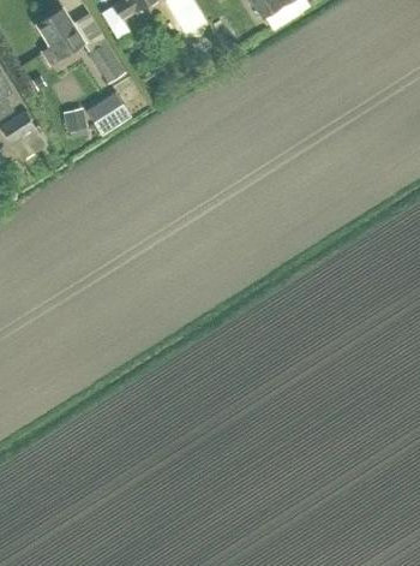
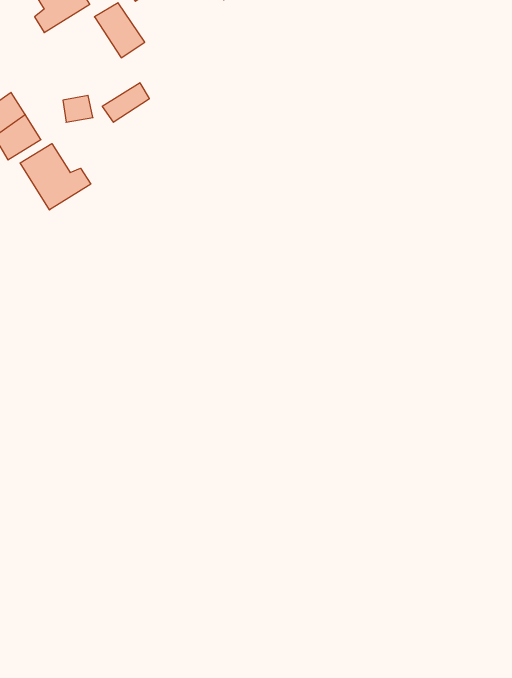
building: none -> [20,144,91,210]

